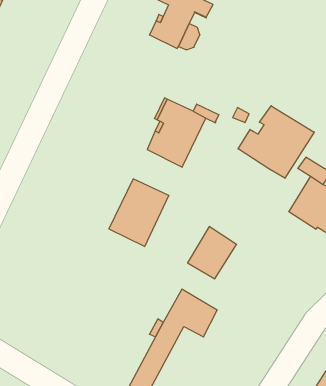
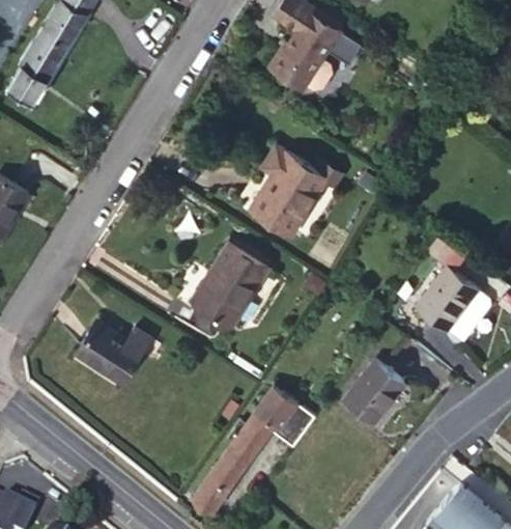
building: [238,106,314,178] -> none
building: [188,227,237,279] -> [342,360,405,425]
building: none -> [77,324,148,385]

